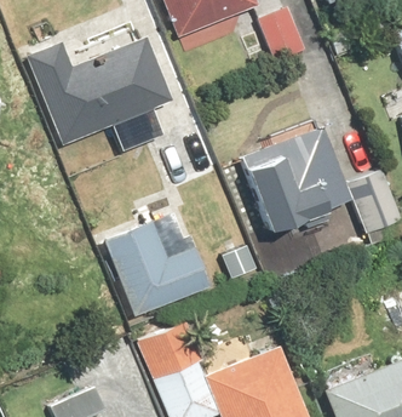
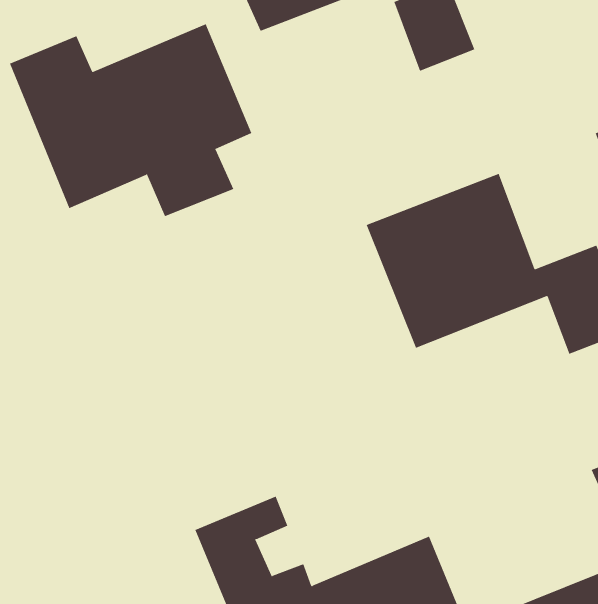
building: [104,211,211,318] -> none

